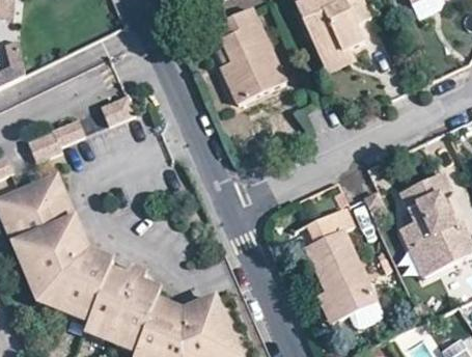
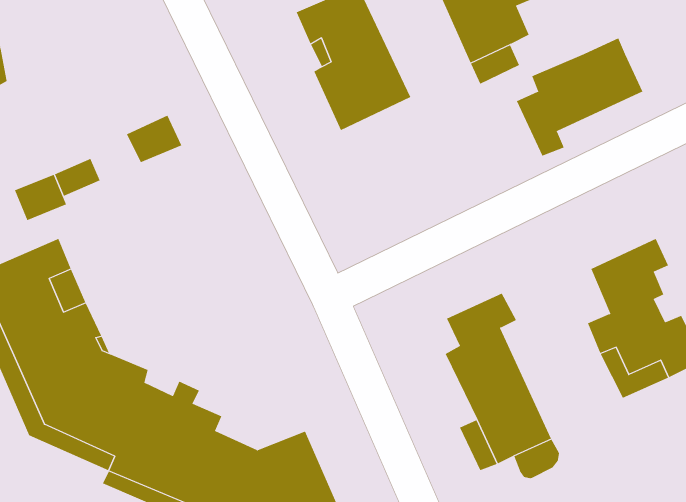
building: none -> [516,37,643,156]

